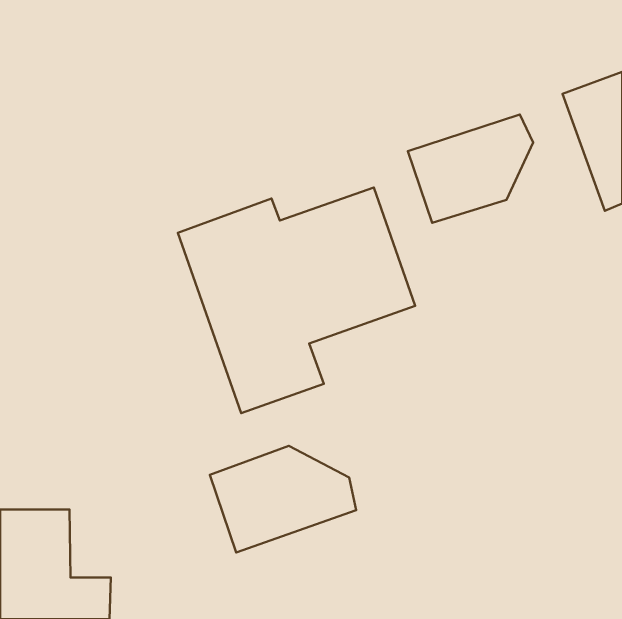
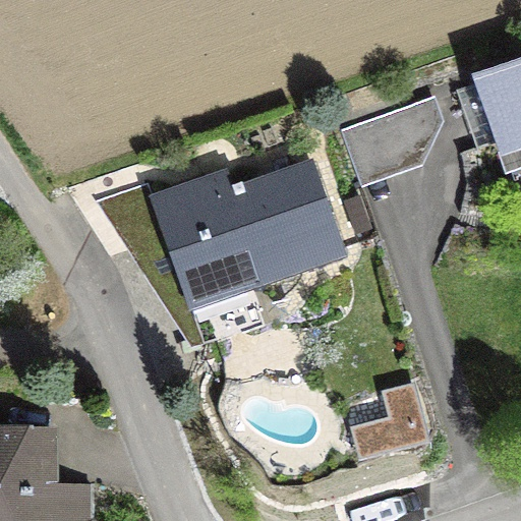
building: [210,446,356,553] -> none
building: none -> [350,382,431,461]

